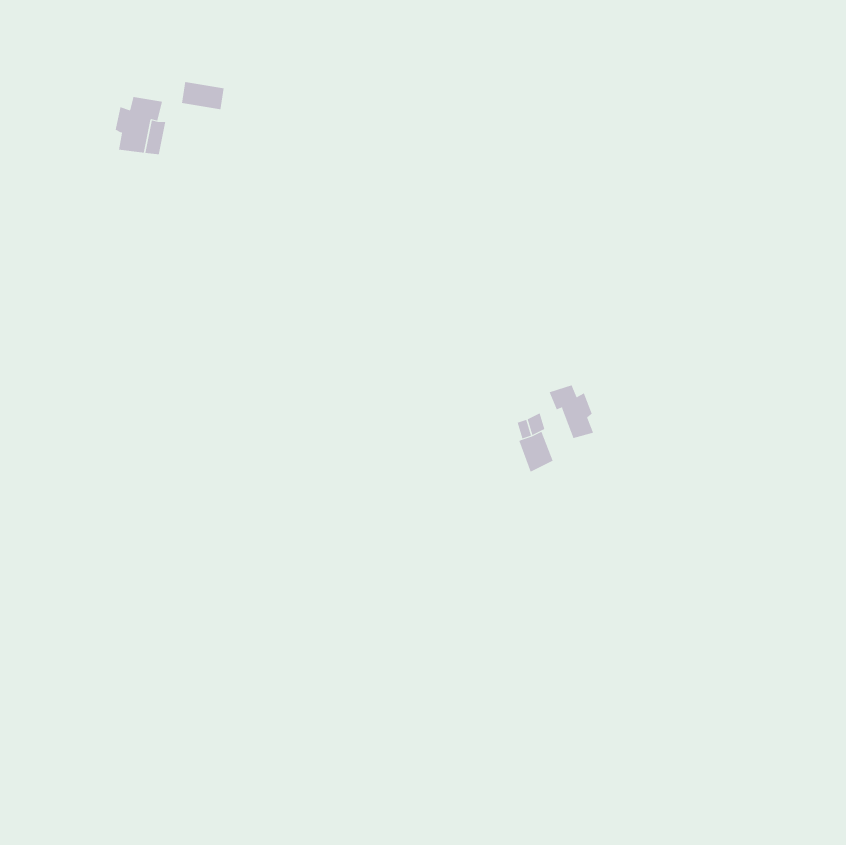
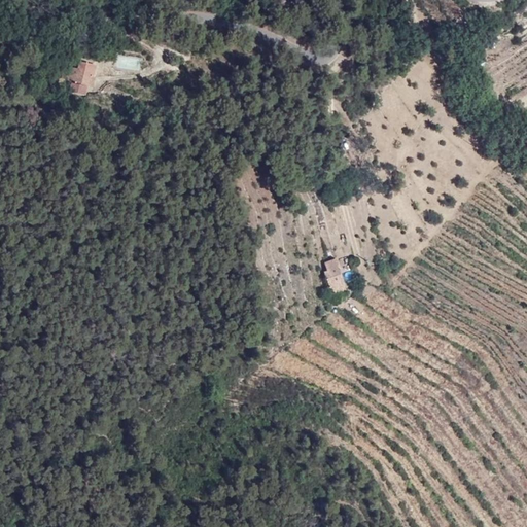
building: [549,384,594,439] -> none

